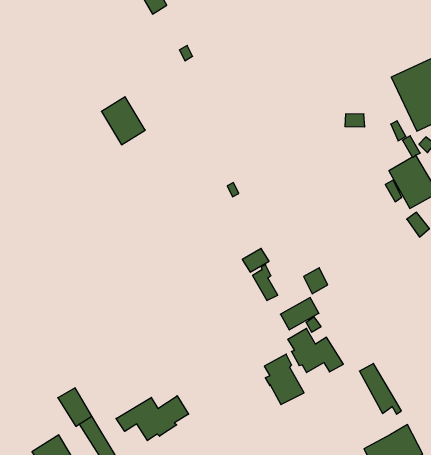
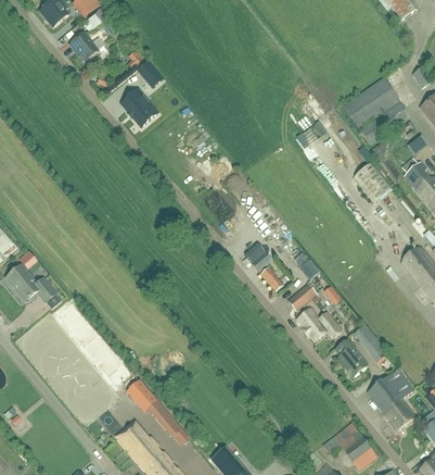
building: [101,97,145,145] -> [123,88,158,125]
building: [264,354,304,405] -> [334,337,368,376]
building: [116,396,189,441] -> none

